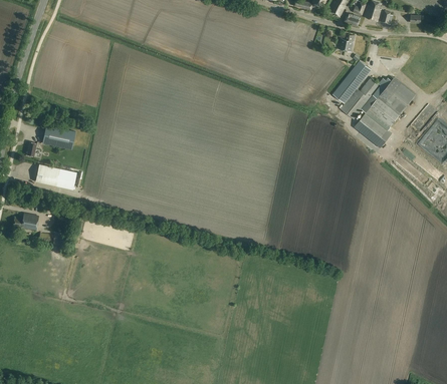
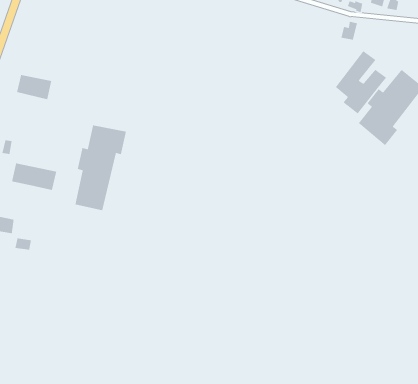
building: [41,125,74,149] -> [16,74,52,100]
building: none -> [75,124,127,211]

